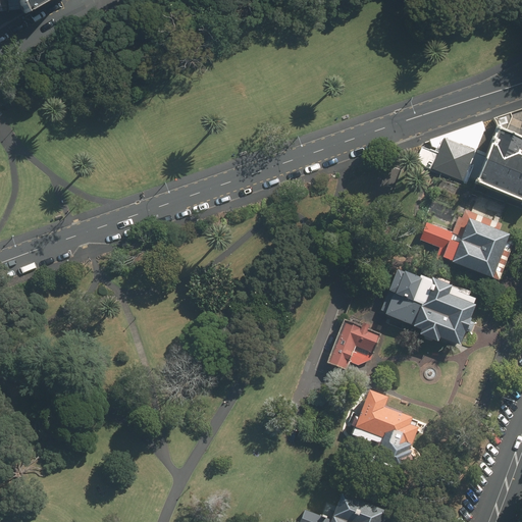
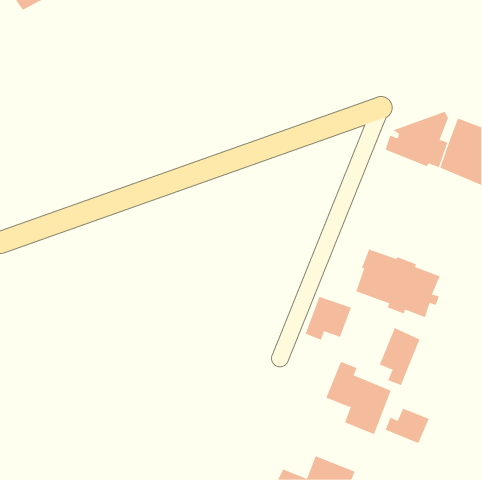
building: [420,207,511,278] -> none
building: none -> [379,327,420,386]
building: none -> [385,408,430,444]

